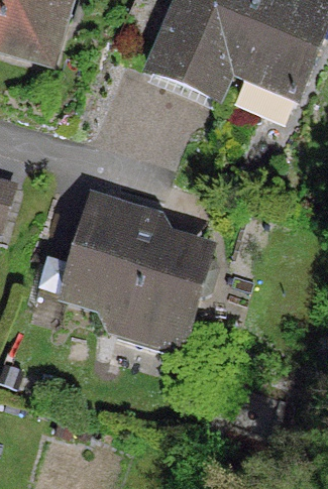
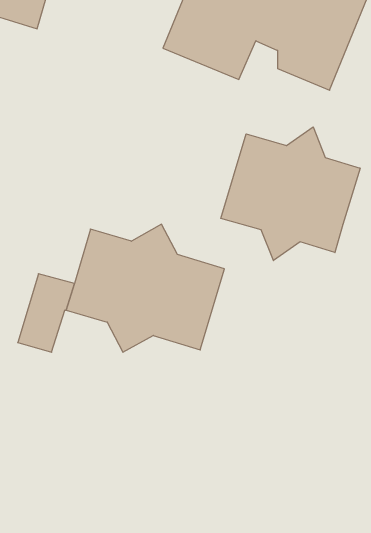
building: none -> [221,127,360,261]

